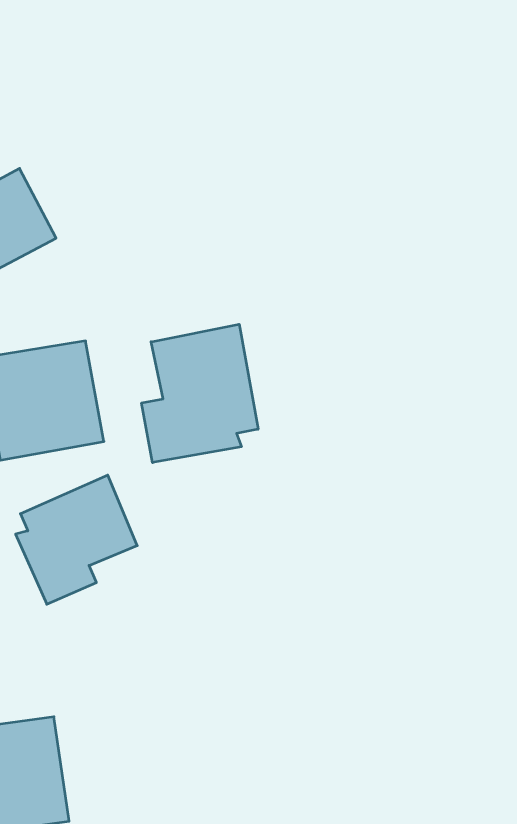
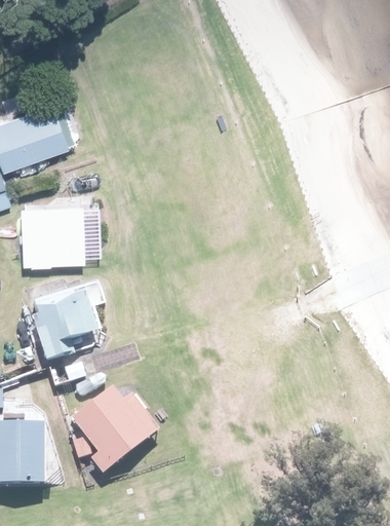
building: [142,324,258,463] -> none
building: none -> [70,383,155,464]

